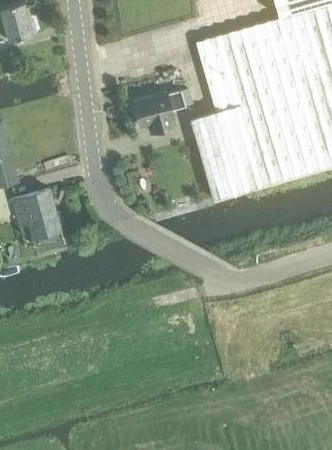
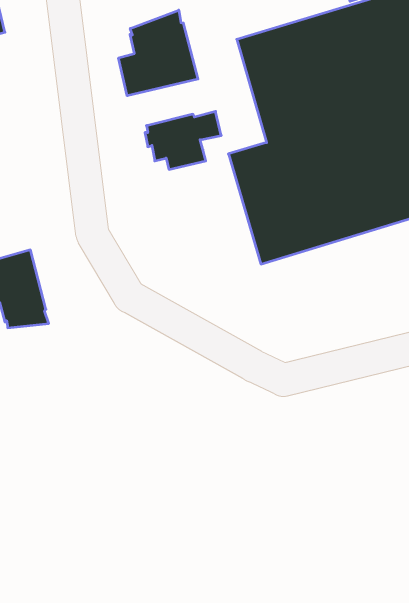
building: none -> [119,10,198,96]

